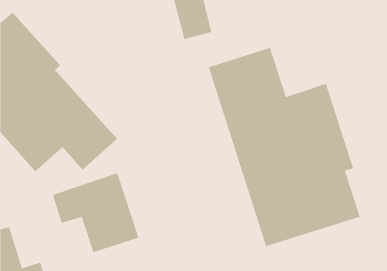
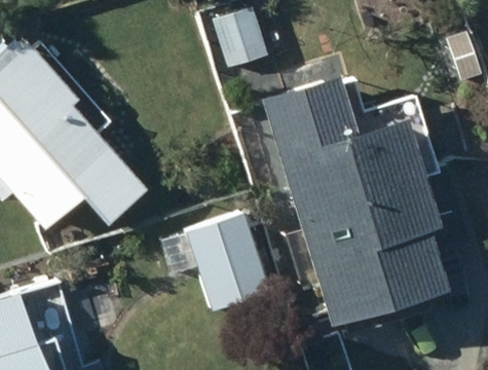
building: [52,172,140,253] -> [161,212,269,311]

